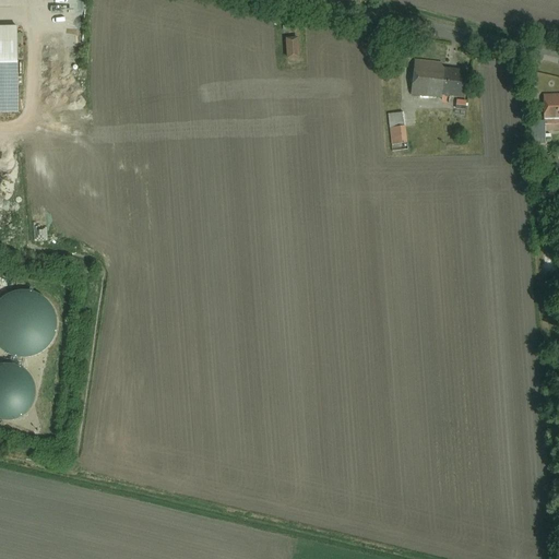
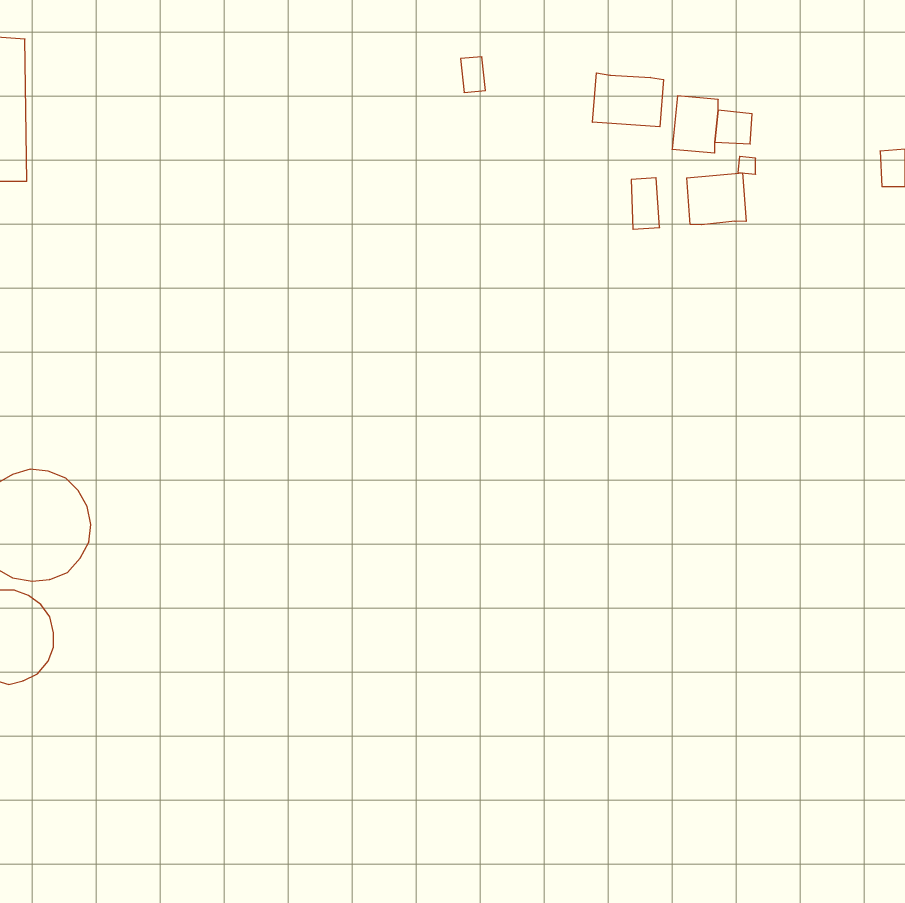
building: none -> [592,73,664,127]
building: none -> [687,173,746,225]

